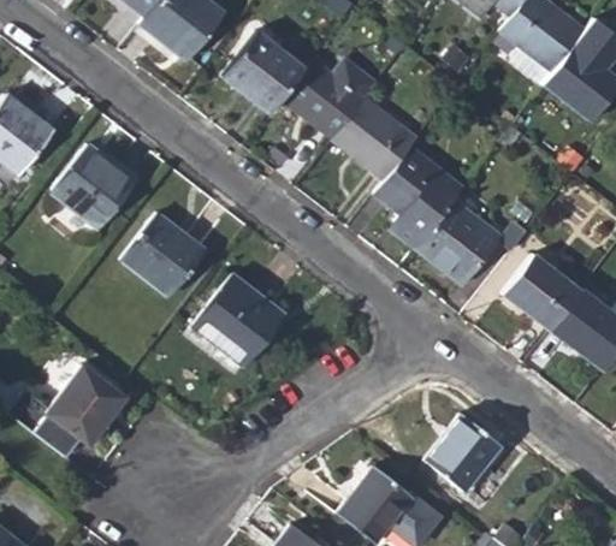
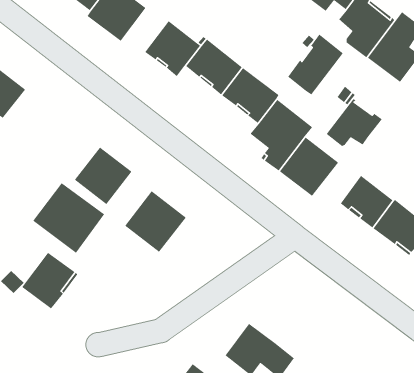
building: none -> [287,34,344,95]
building: none -> [326,98,383,147]
building: [53,146,137,230] -> none
building: none -> [32,182,105,254]
building: [426,415,502,492] -> none

